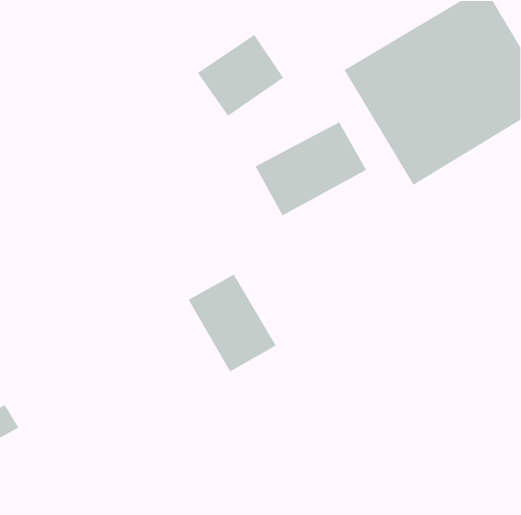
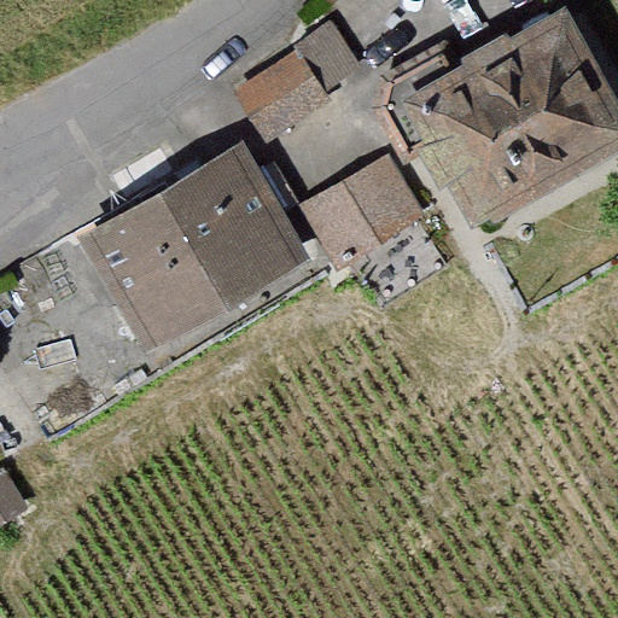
building: none -> [78,134,315,352]
building: [188,274,277,372] -> none

